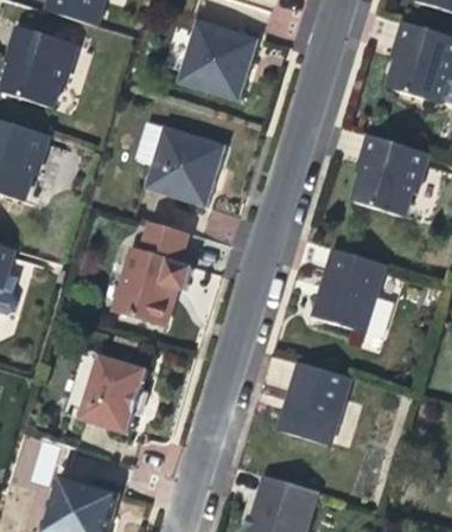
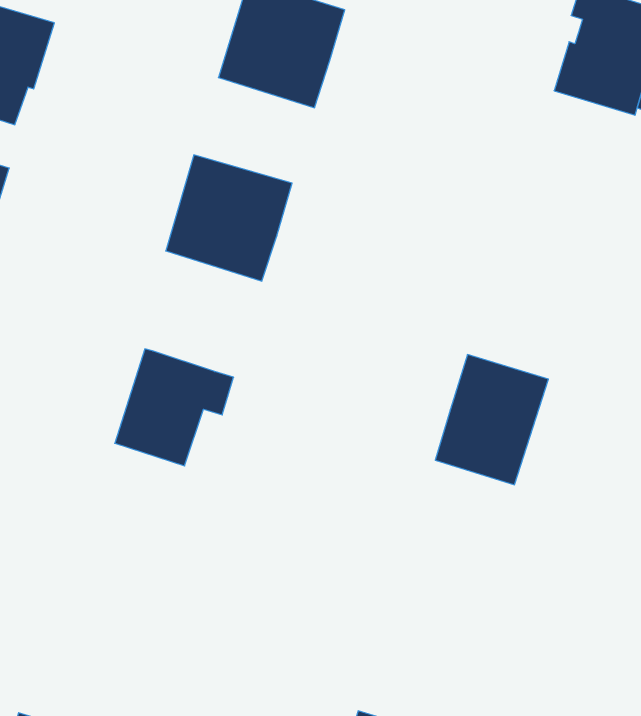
building: [352,136,428,217] -> none
building: [135,219,184,262] -> none
building: [77,351,145,432] -> none
building: [278,363,350,447] -> none

